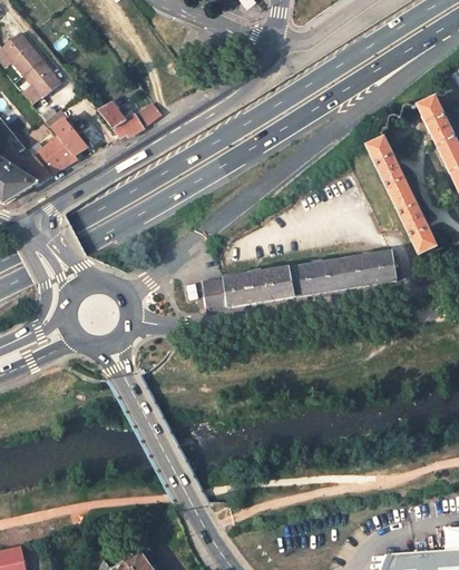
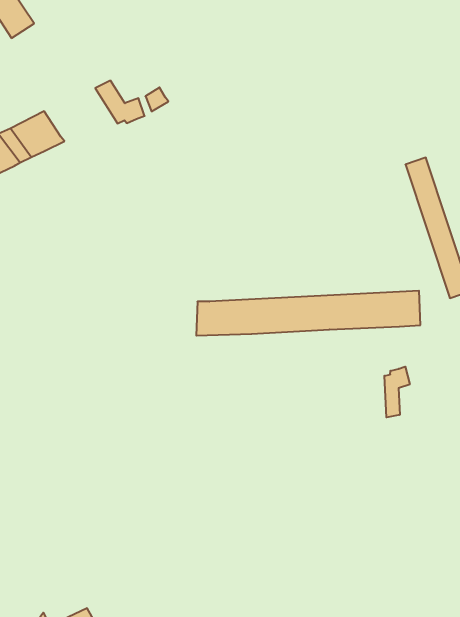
building: [22,60,58,96] -> none
building: [45,107,87,154] -> none
building: none -> [384,367,410,417]

